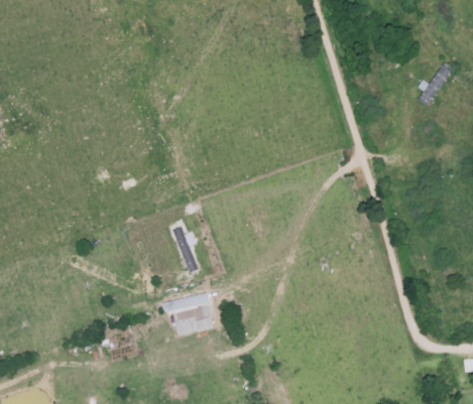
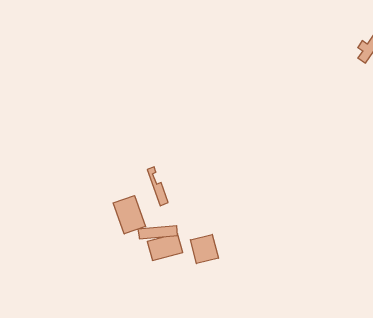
building: none -> [113,196,146,234]
building: none -> [190,234,218,264]

